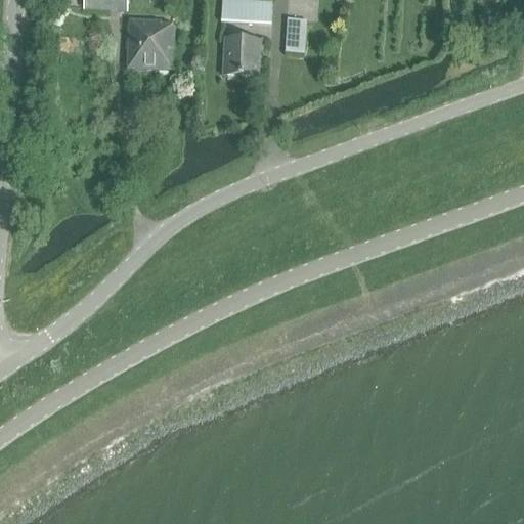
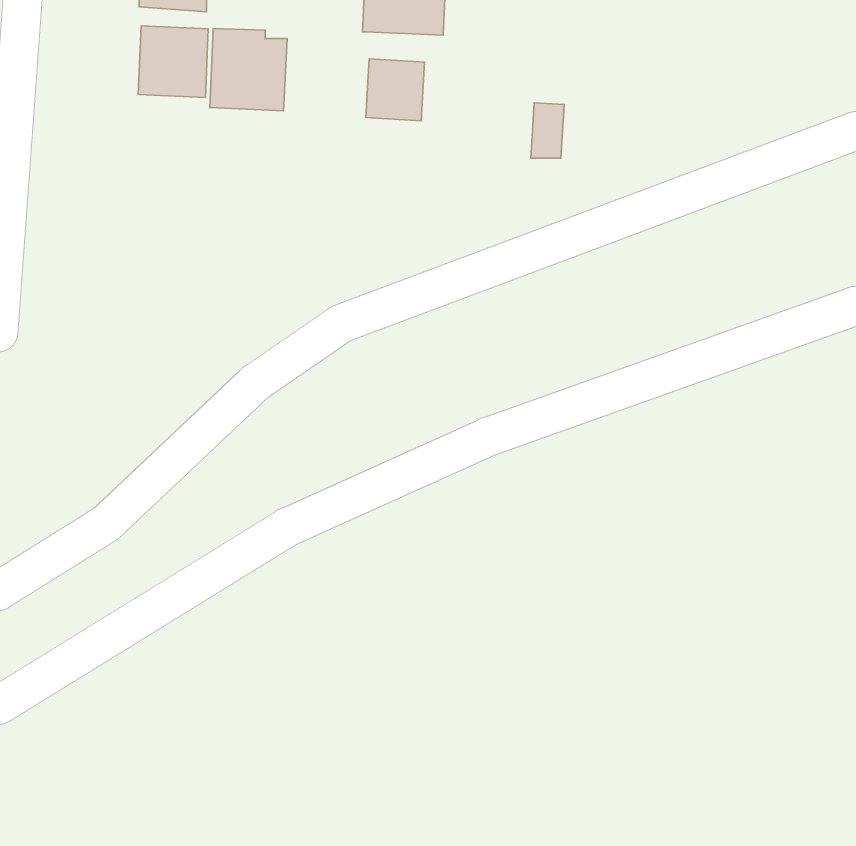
building: [285,14,305,48] -> [531,103,564,158]
building: none -> [138,26,208,97]

